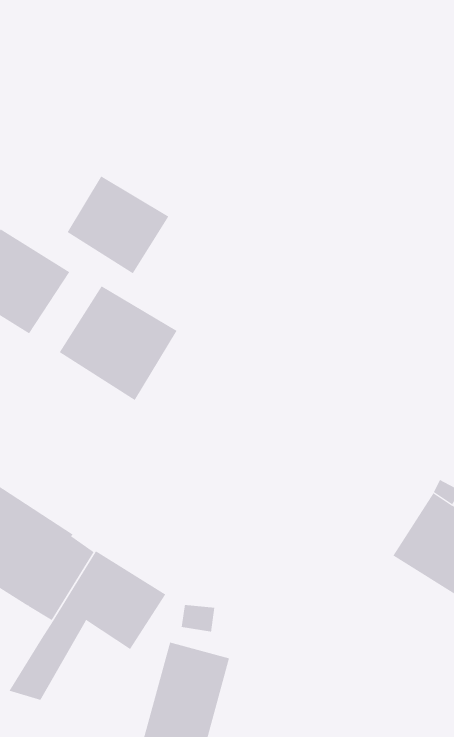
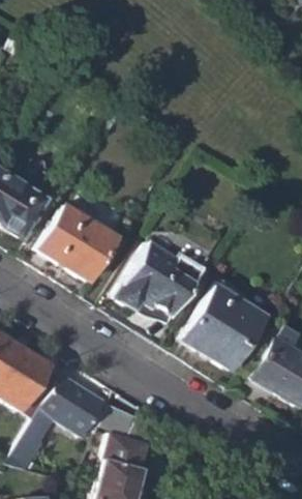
building: [67,175,169,274] -> none
building: none -> [115,239,210,317]
building: none -> [184,280,265,371]

